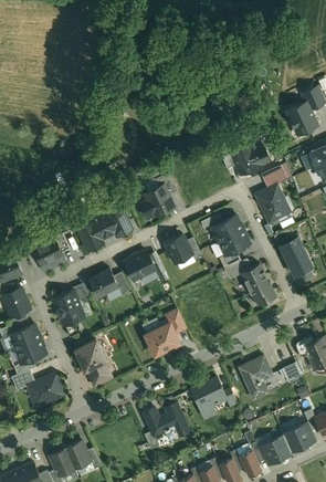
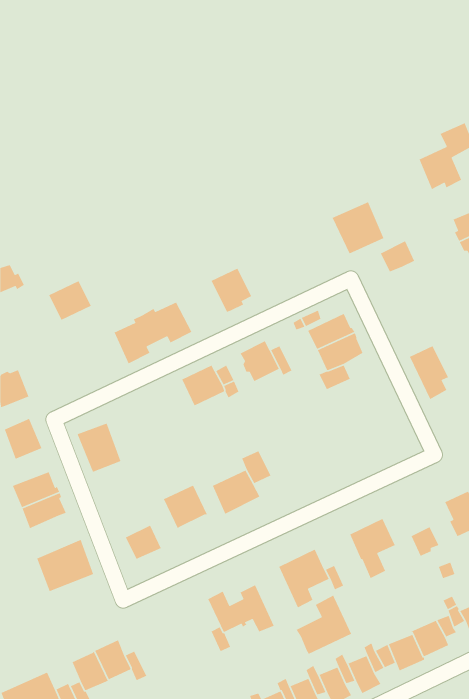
building: [255,186,290,223] -> none
building: [33,239,63,266] -> [48,280,92,321]
building: [241,265,276,307] -> none
building: [88,270,118,298] -> none
building: [75,340,106,371] -> [163,484,208,530]
building: none -> [296,594,352,655]

